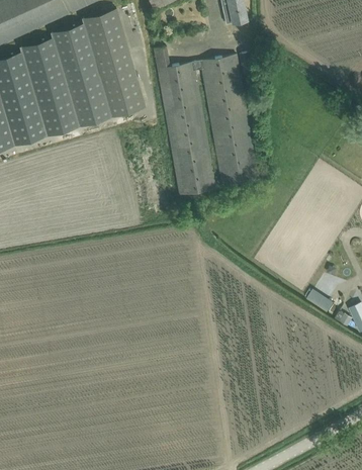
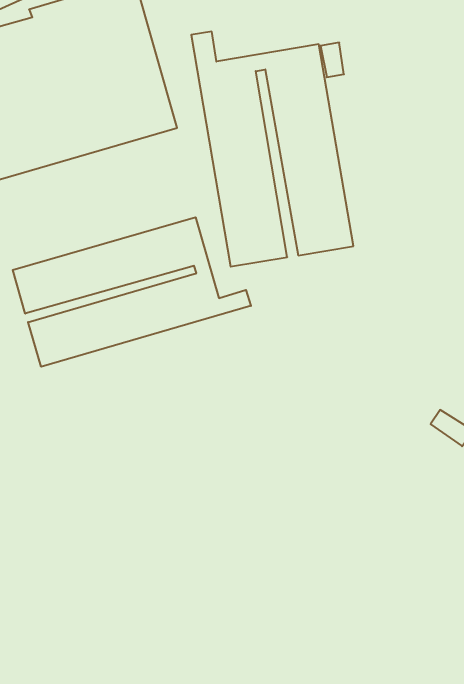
building: none -> [13,217,251,367]

